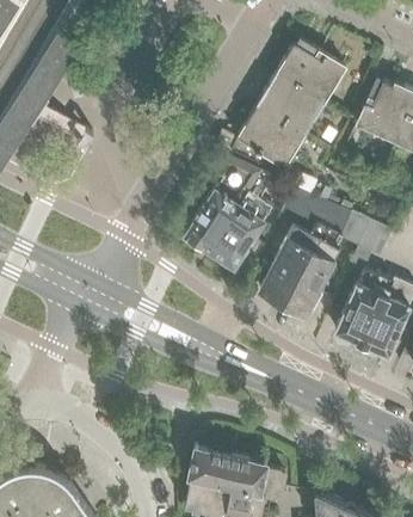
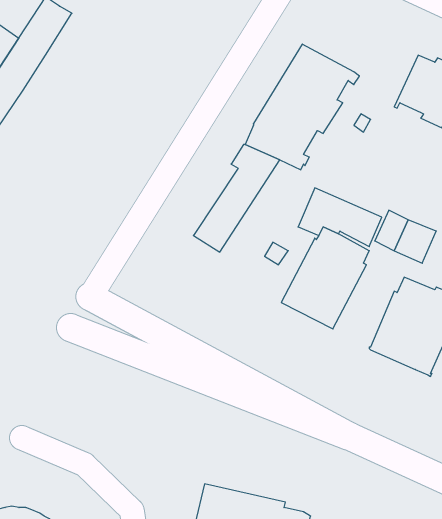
building: [278,41,345,96] -> none
building: [208,171,277,266] -> none

